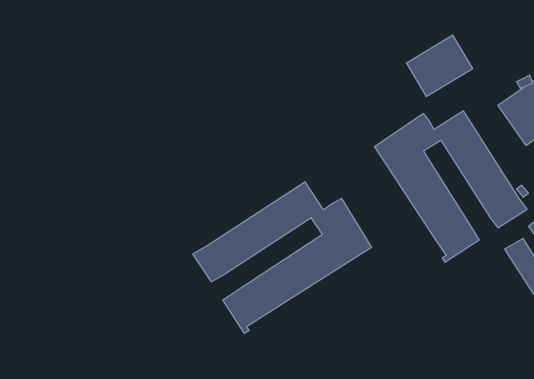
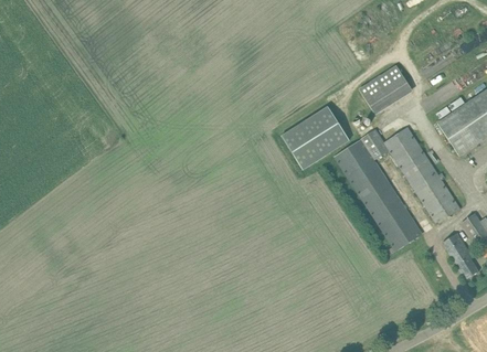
building: none -> [283,106,351,169]
building: [193,182,371,334] -> none

